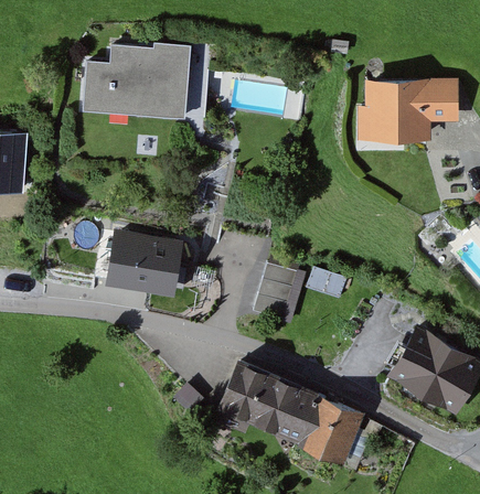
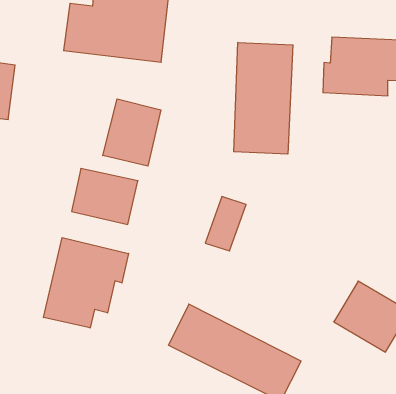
building: none -> [234,42,293,154]
building: none -> [103,99,161,166]
building: none -> [44,238,129,328]

